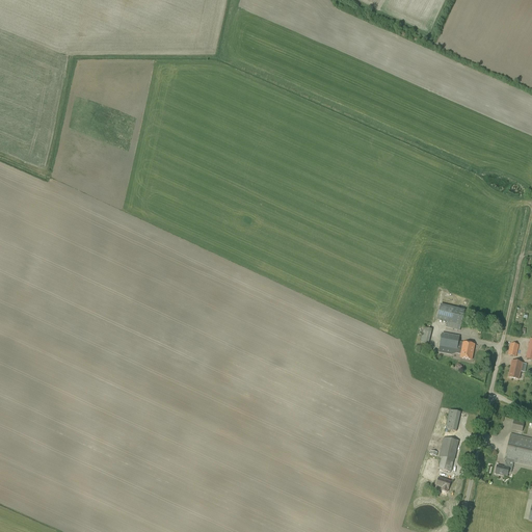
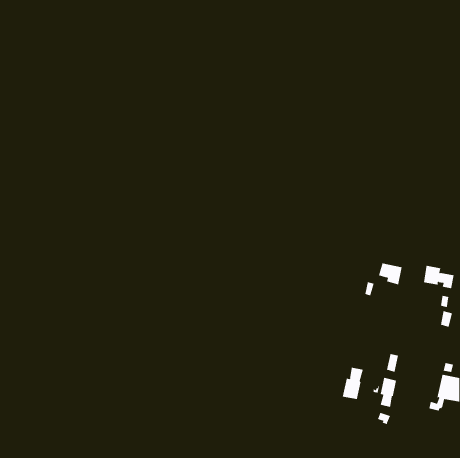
building: [438,331,475,358] -> [423,265,455,289]
building: none -> [342,367,364,400]

